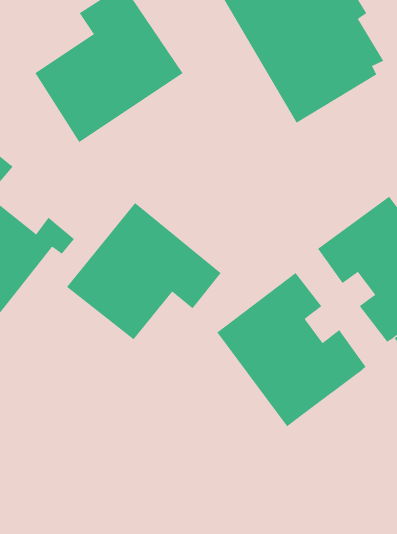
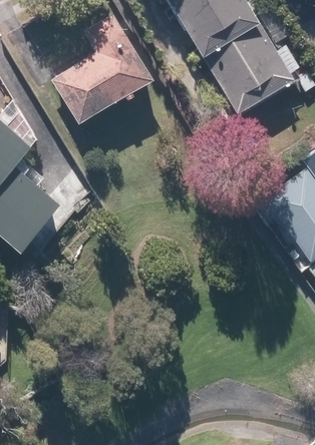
building: [66,202,221,340] -> none
building: [216,272,366,427] -> none

